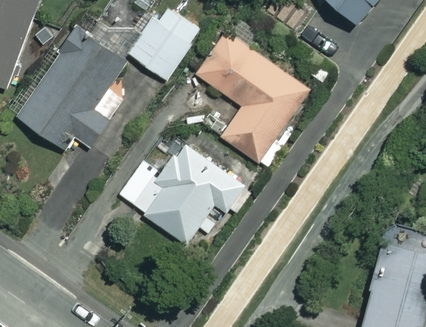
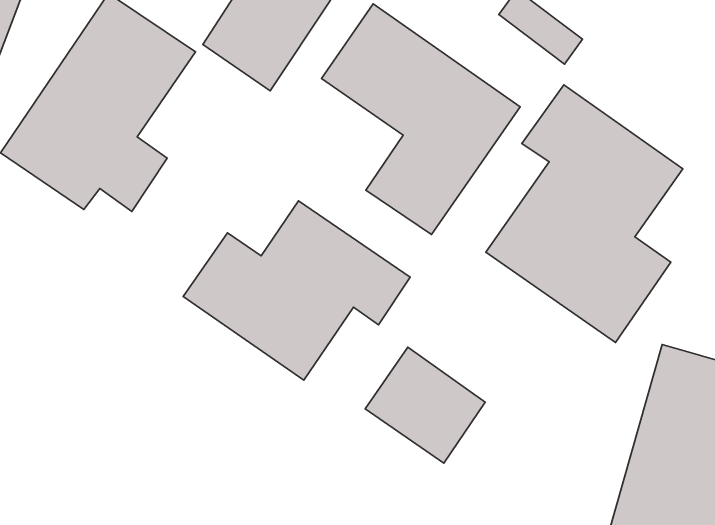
building: none -> [486,85,683,342]
building: none -> [365,347,485,463]

